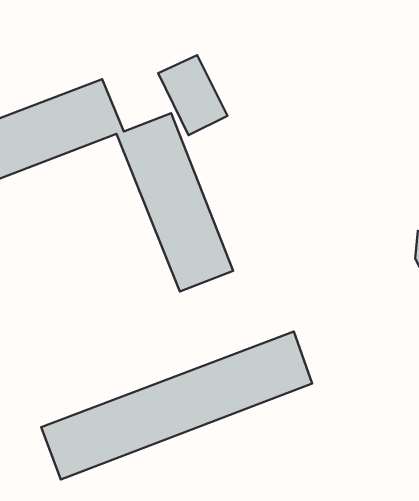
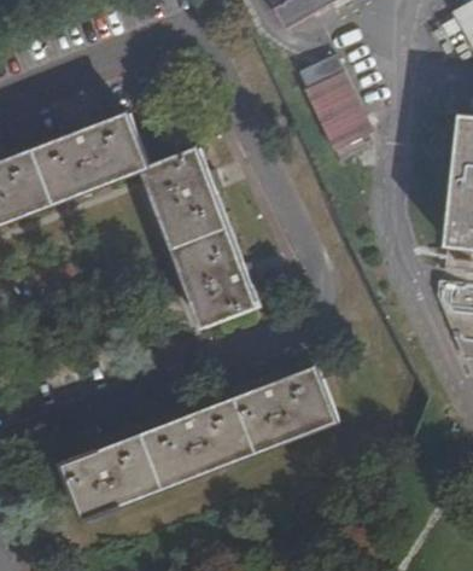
building: [158,55,227,135] -> [305,74,374,153]

